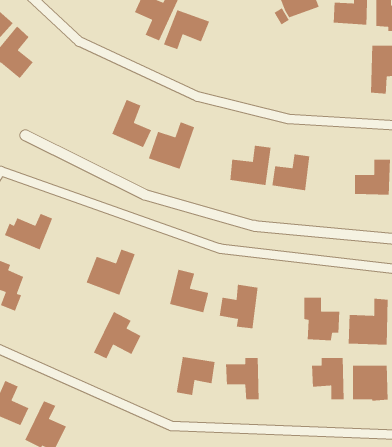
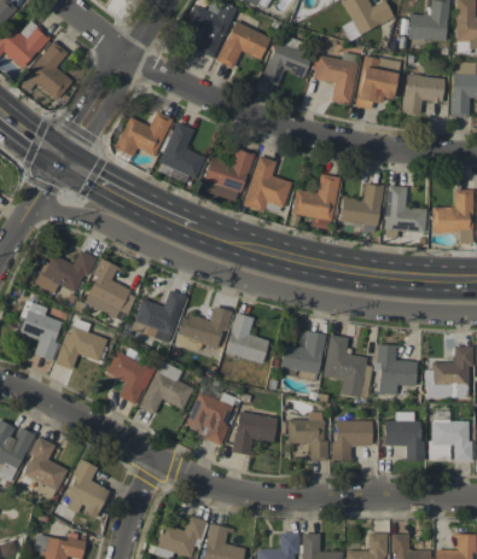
building: none -> [262,41,312,86]
building: none -> [314,52,359,104]
building: none -> [356,56,400,109]
building: none -> [402,74,444,113]
building: none -> [115,111,171,157]
building: none -> [243,155,291,211]
building: none -> [385,186,426,231]
building: none -> [83,258,136,316]
building: none -> [174,307,231,357]
building: none -> [57,318,107,369]
building: none -> [324,334,372,397]
building: none -> [106,350,153,404]
building: none -> [186,390,237,444]
building: none -> [333,420,373,460]

